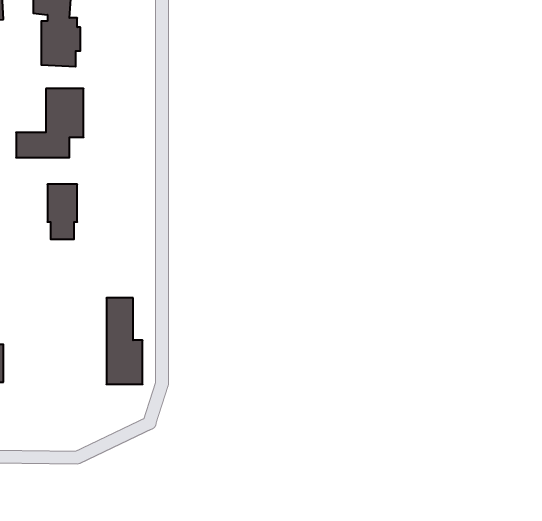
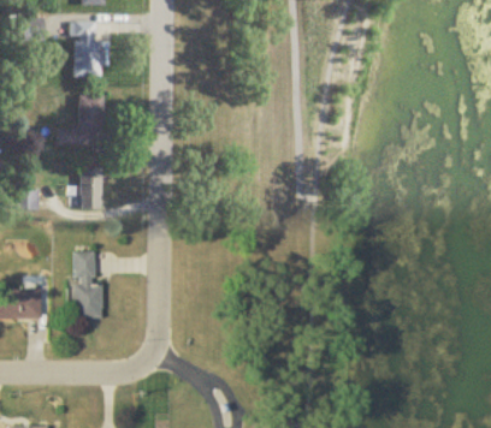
building: [106,298,143,384] -> [76,254,103,320]

